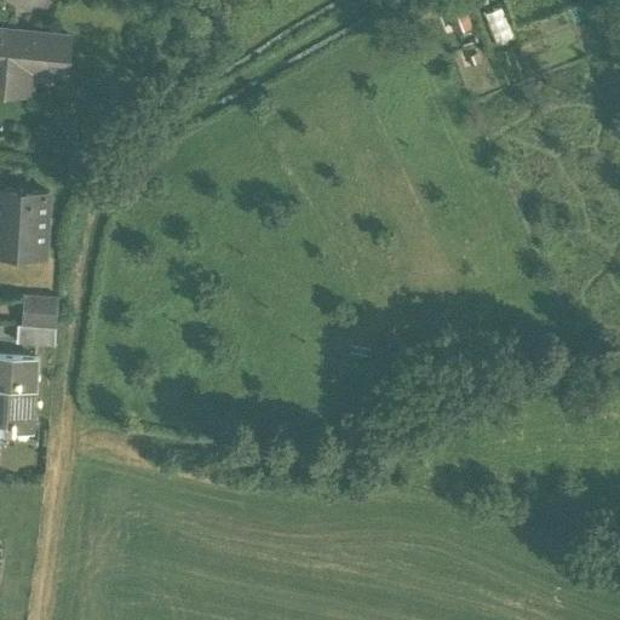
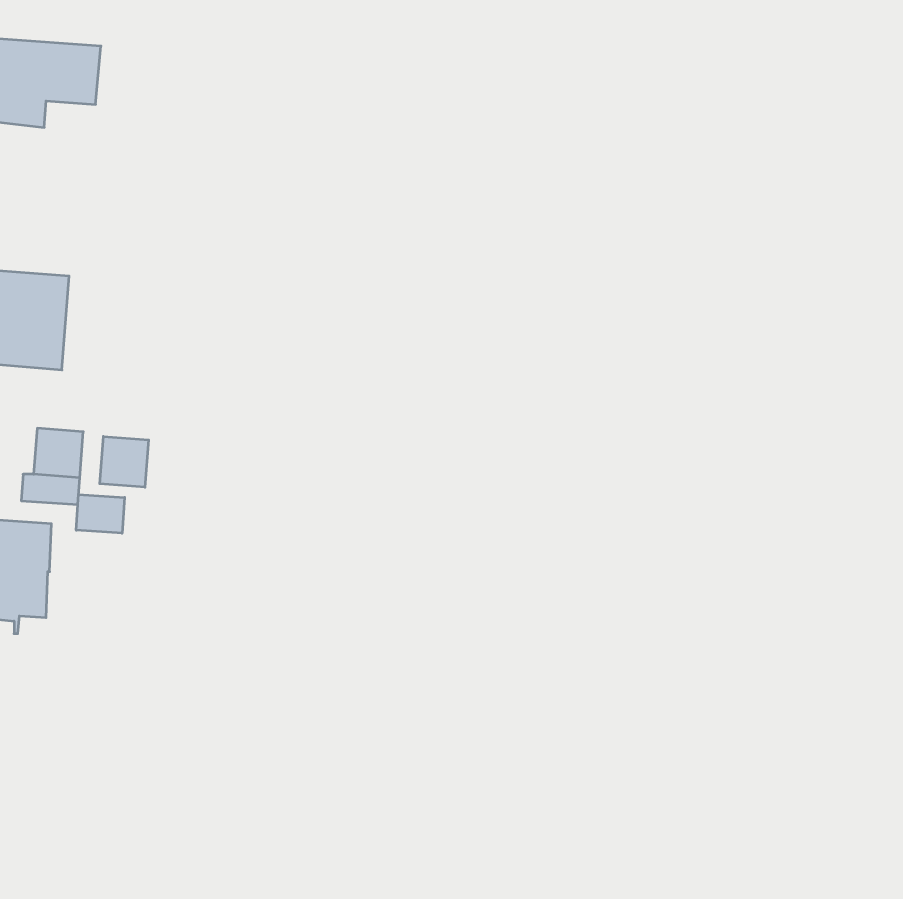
building: none -> [100,436,149,487]
building: none -> [76,494,125,533]

